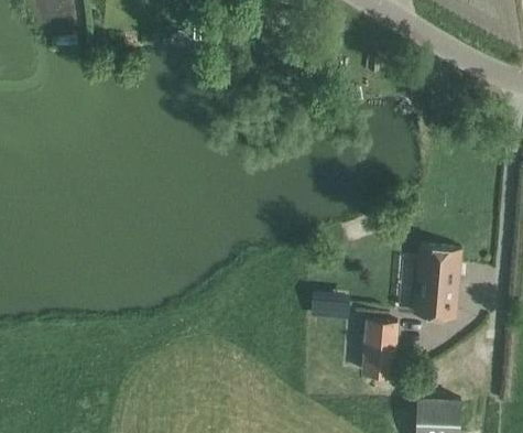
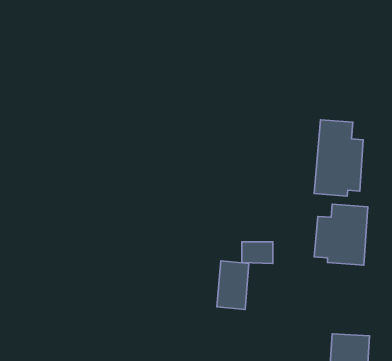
building: none -> [314,120,363,196]
building: [361,317,399,375] -> [217,261,249,310]

